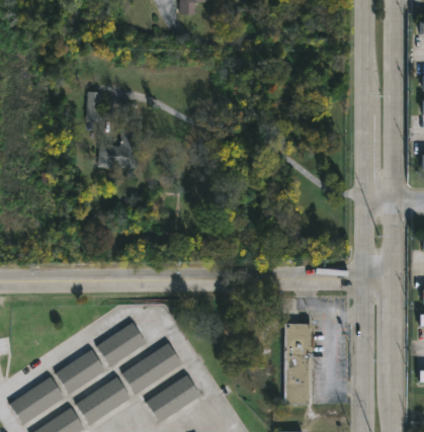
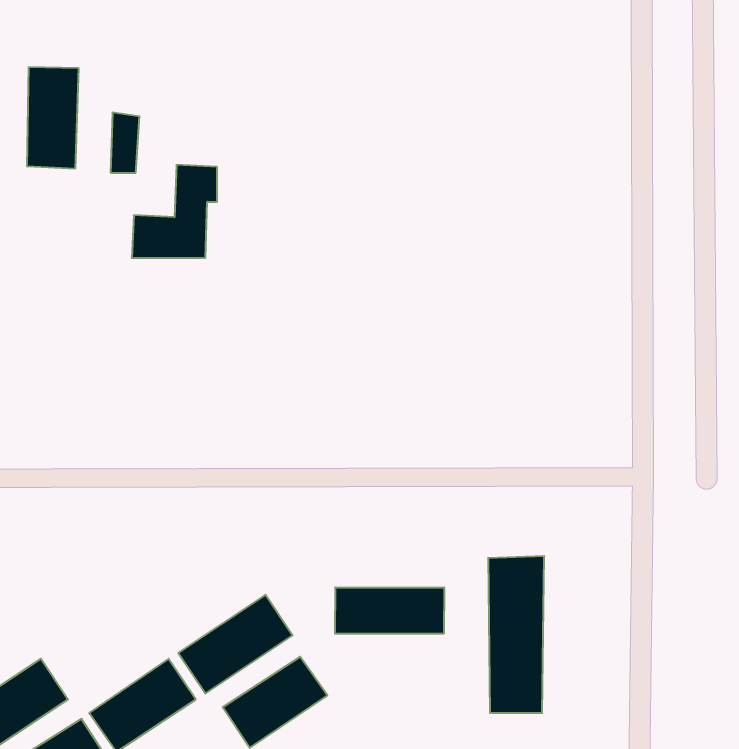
building: none -> [27,67,78,169]
building: [95,322,146,367] -> none
building: none -> [335,587,444,634]
building: [55,349,104,395] -> none

